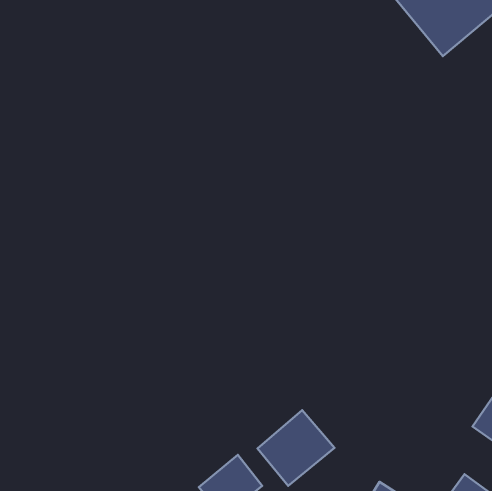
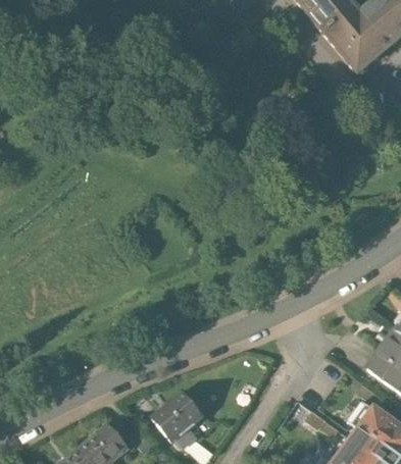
building: [257,410,335,486] -> none

